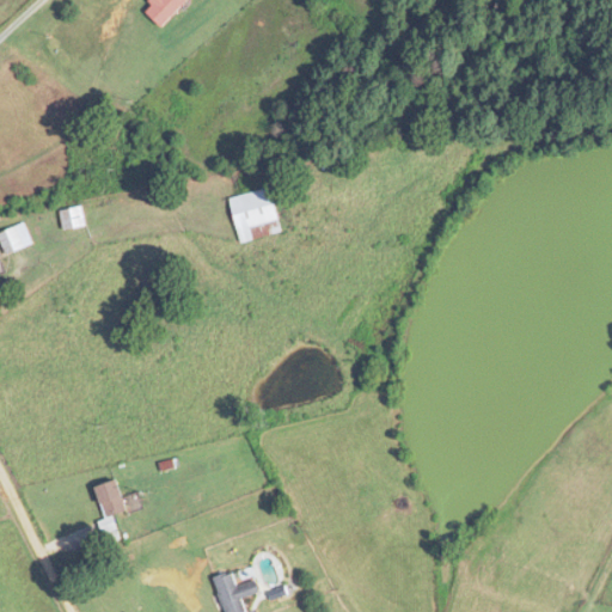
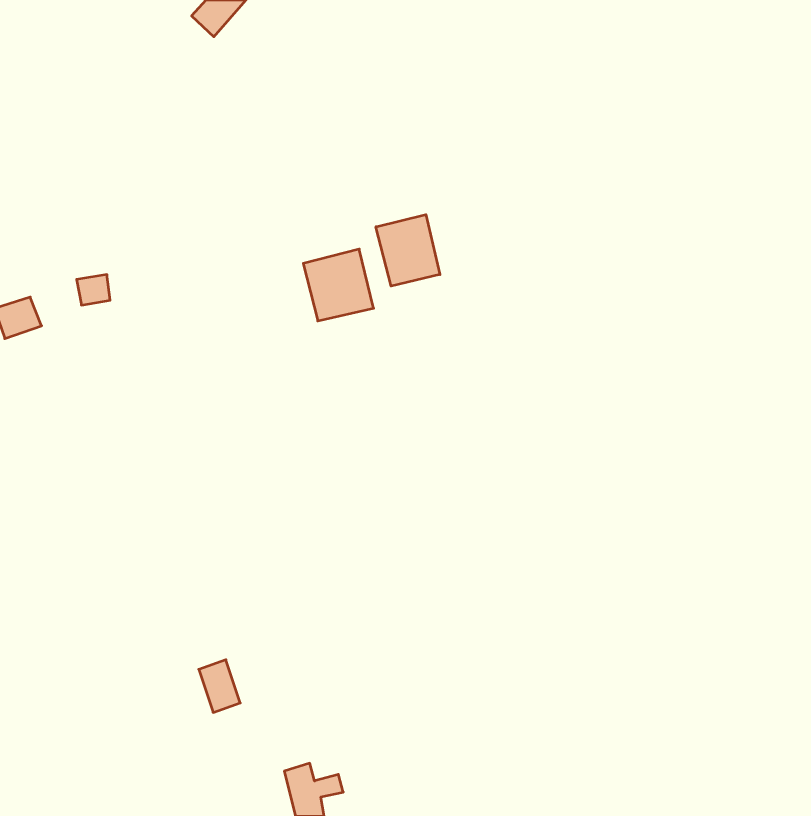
building: none -> [376,215,440,286]
building: [93,478,124,518] -> [199,660,240,712]

